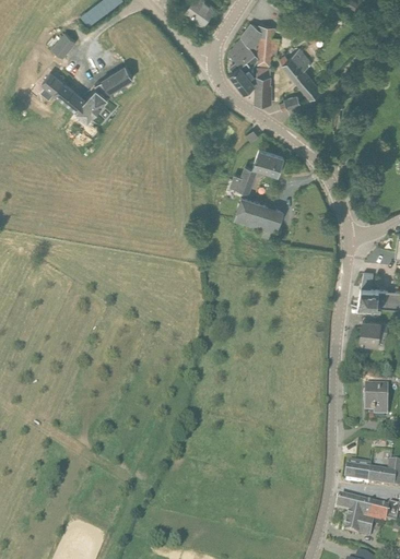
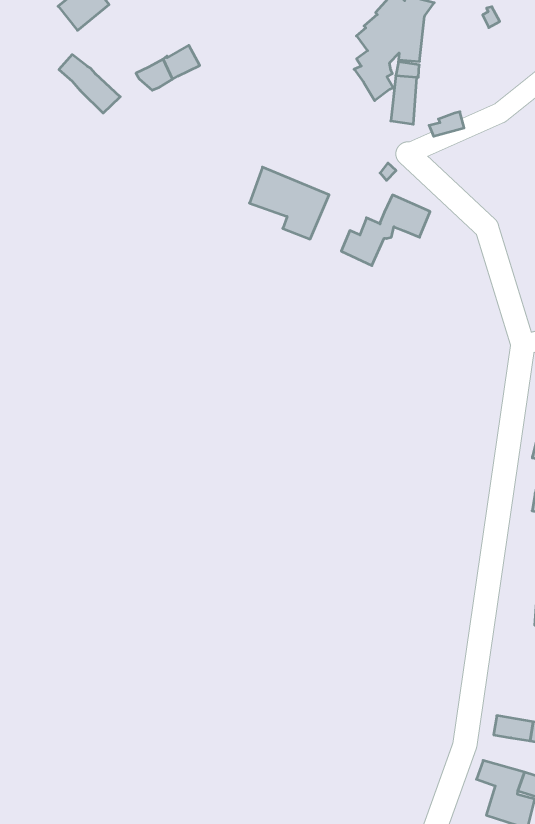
building: [285,48,321,98] -> none
building: [77,88,108,121] -> none
building: [235,198,284,240] -> [249,167,329,239]

